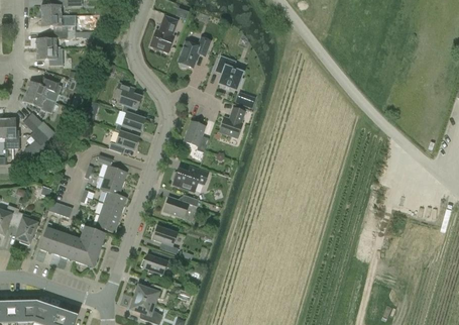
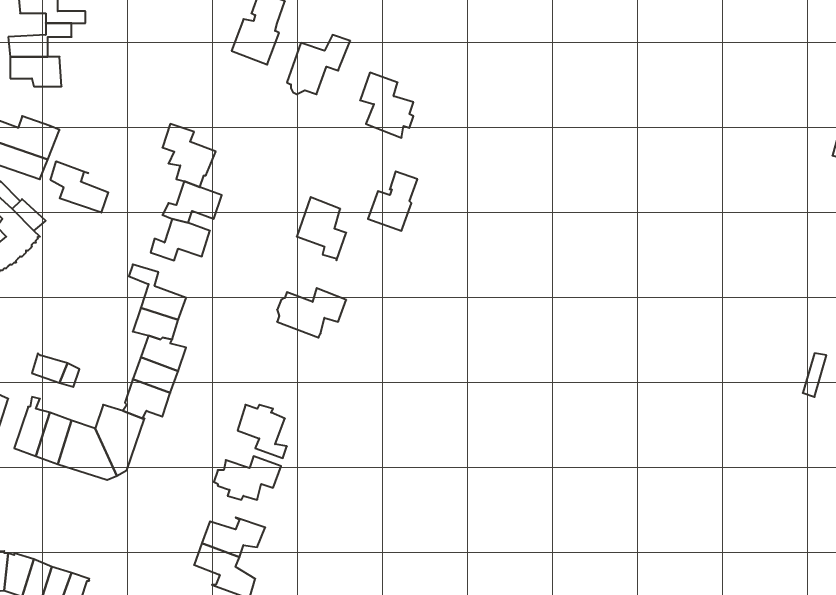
building: none -> [51,161,108,213]
building: [162,194,199,218] -> none

